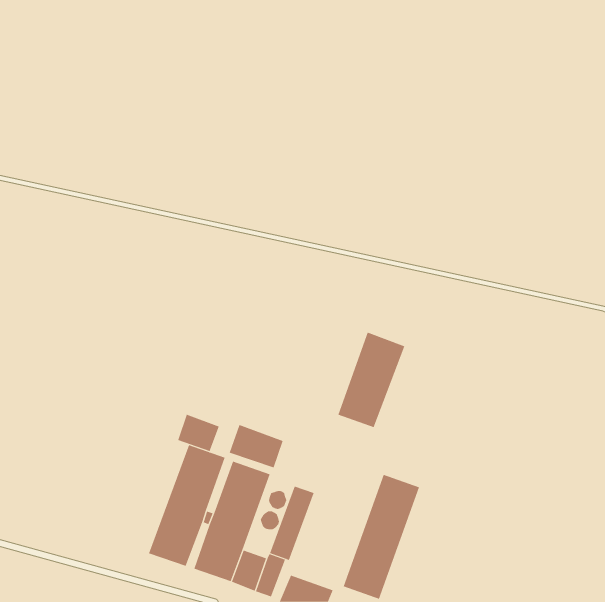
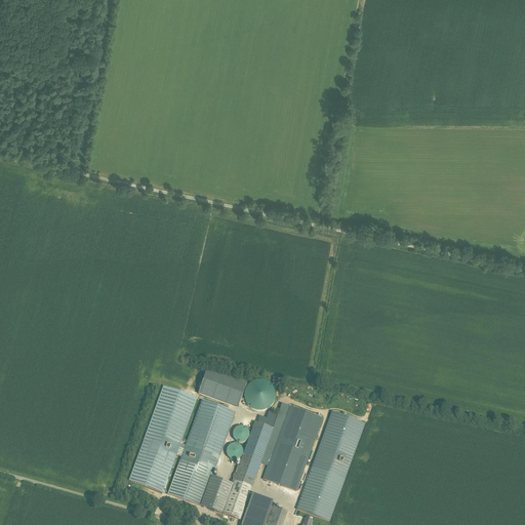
building: [338,332,405,428] -> [264,405,322,488]
building: [178,414,219,452] -> none
building: none -> [243,377,275,409]

